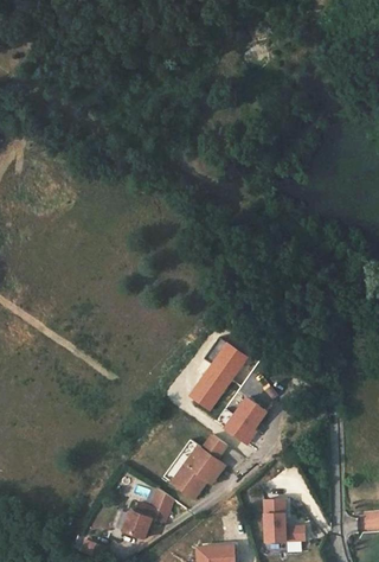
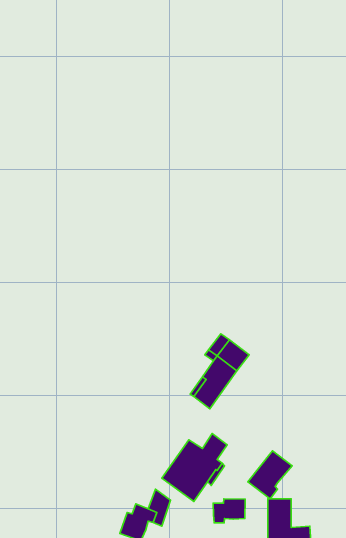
building: [223,400,265,446] -> [248,451,292,499]
building: none -> [213,499,245,523]

